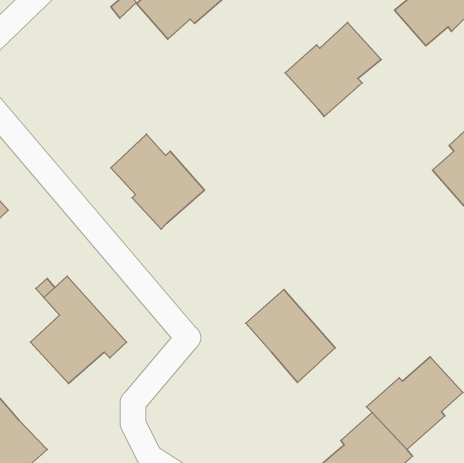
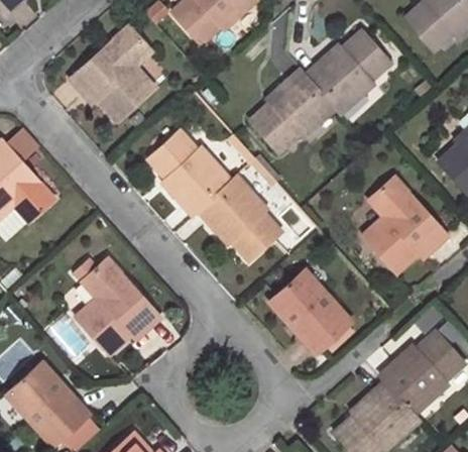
building: none -> [69,25,155,122]
building: none -> [248,68,335,151]
building: none -> [198,175,282,261]
building: none -> [362,176,448,272]

